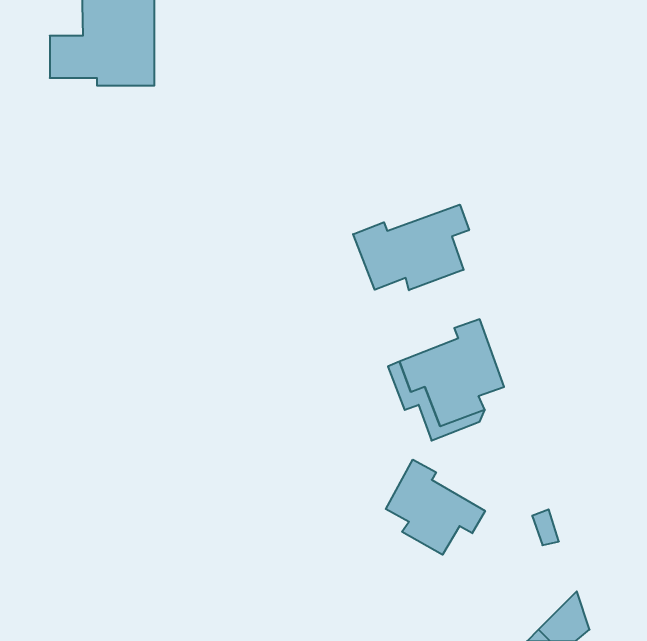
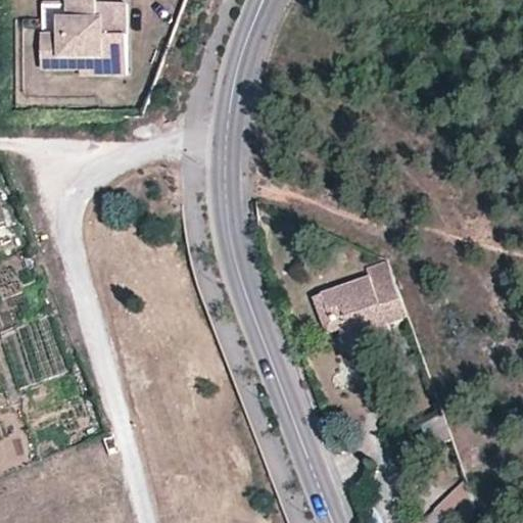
building: [353,205,469,290] -> none
building: [386,460,485,555] -> none

